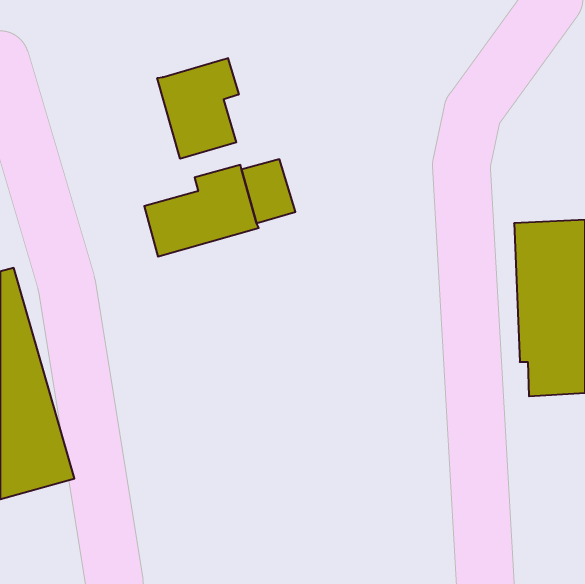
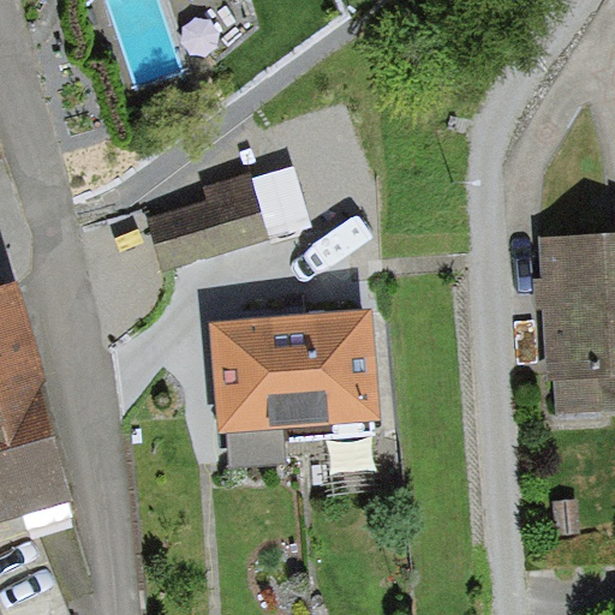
building: [157,58,239,159] -> none
building: none -> [213,311,381,466]

